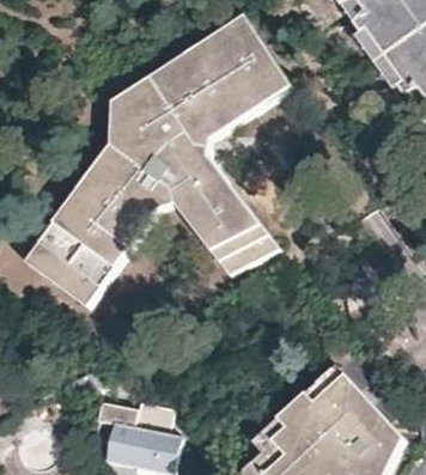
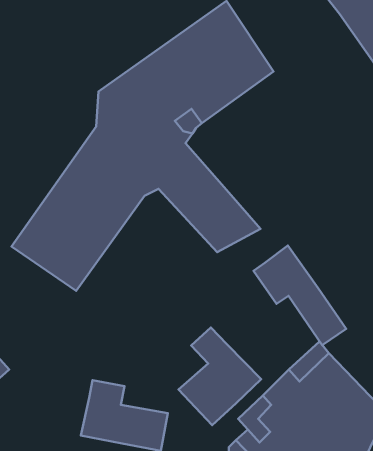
building: none -> [254,245,346,345]
building: none -> [179,328,261,425]

